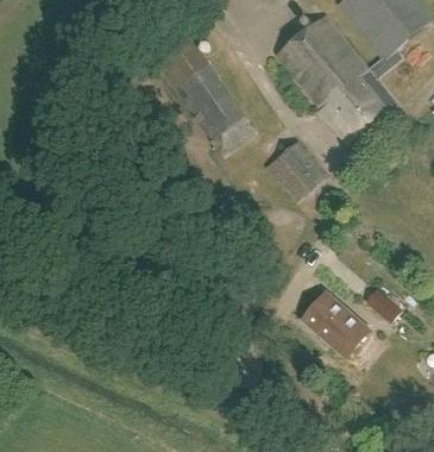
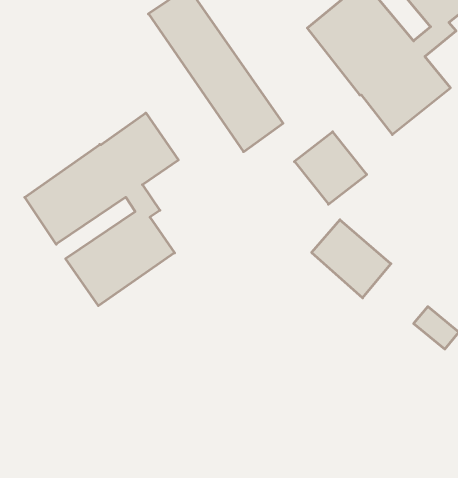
building: none -> [25,113,178,306]
building: [302,291,369,357] -> [312,220,391,298]

